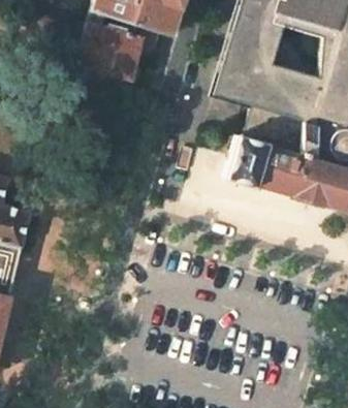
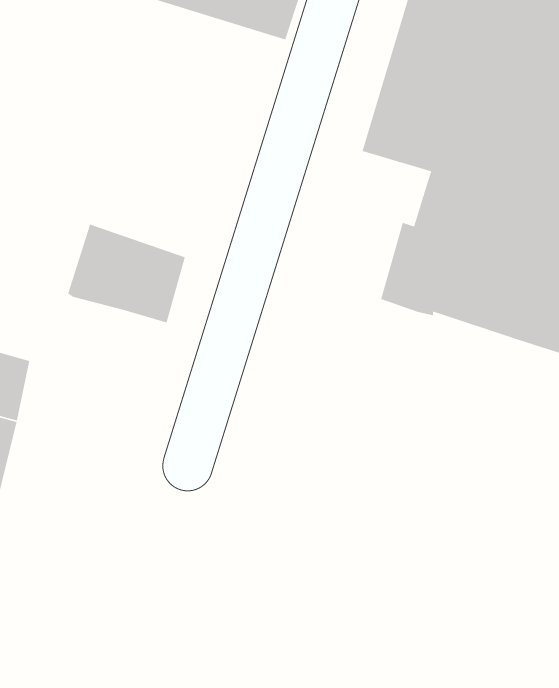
building: [77,25,144,81] -> [67,224,186,323]

